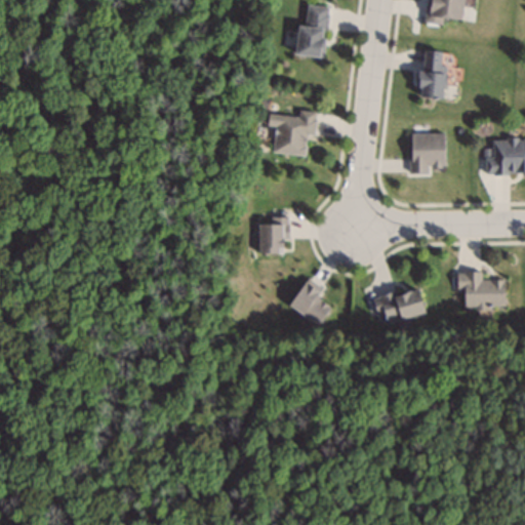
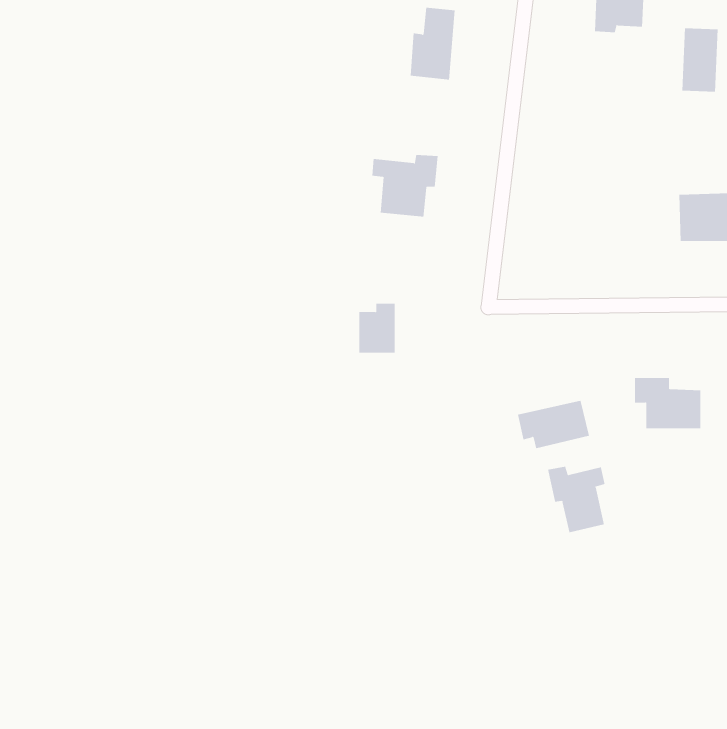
building: [419,50,446,96] -> [681,28,719,92]
building: [411,132,446,173] -> none
building: [289,278,332,326] -> none
building: none -> [547,466,605,533]

